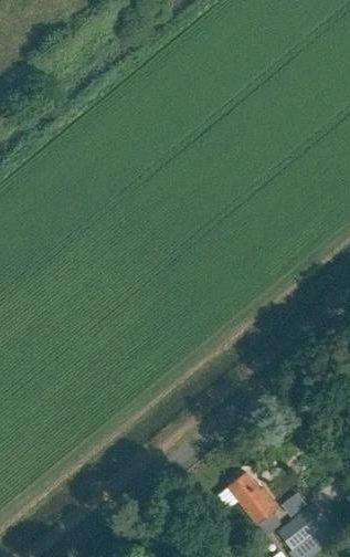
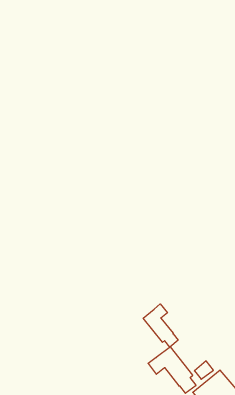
building: none -> [143,304,178,347]

